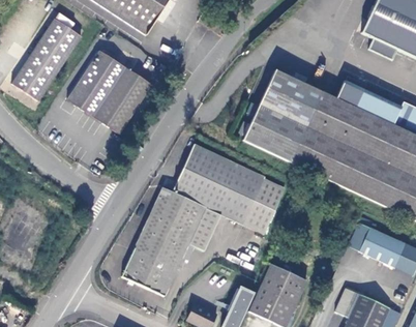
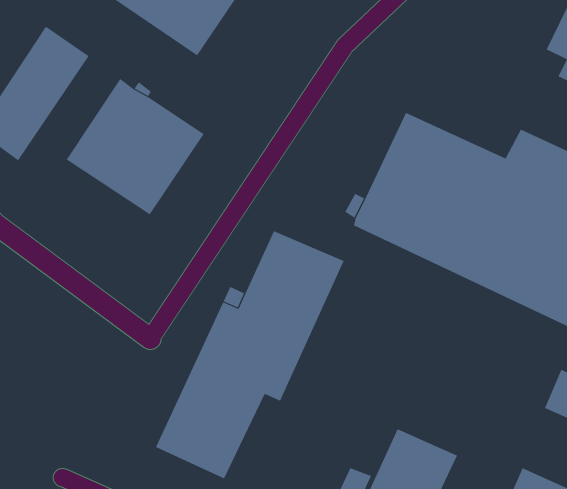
building: [199,161,287,249] -> none

